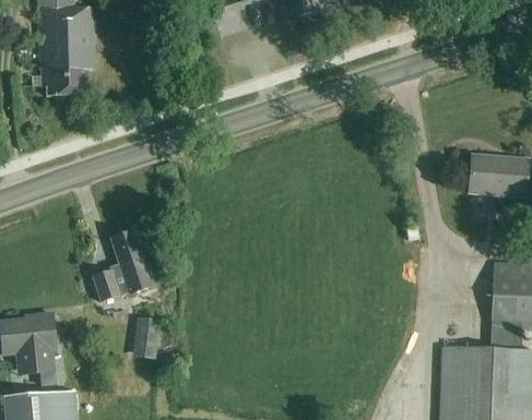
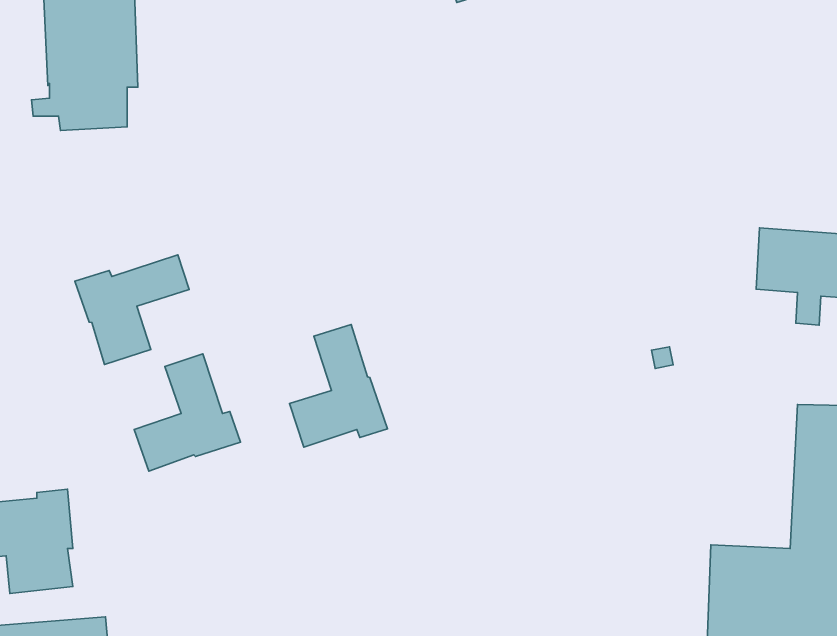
building: none -> [75,255,189,365]
building: none -> [289,324,388,447]
building: [132,315,161,357] -> none

